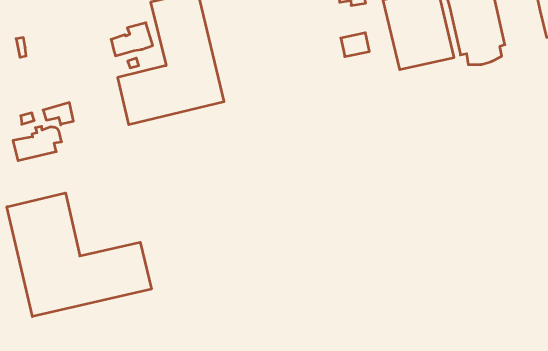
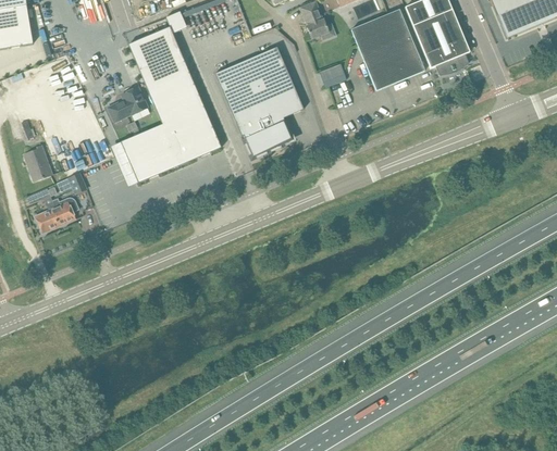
building: none -> [214,47,304,159]
building: none -> [23,145,52,180]
building: [7,193,151,317] -> none

